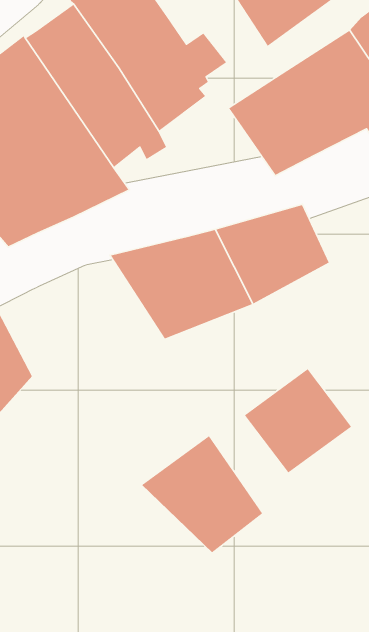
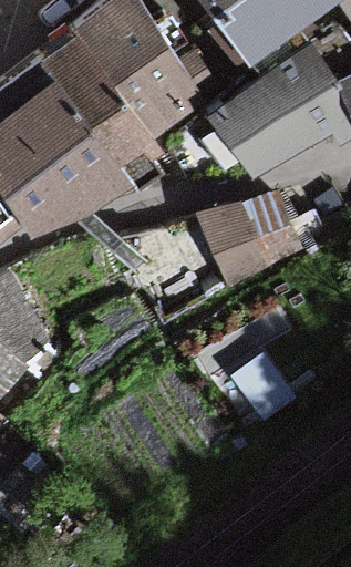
building: [141,435,263,553] -> none

